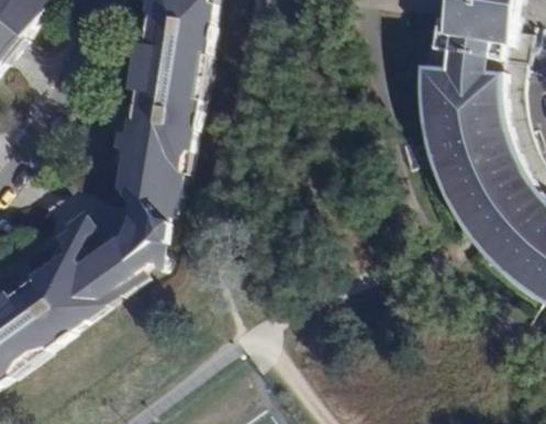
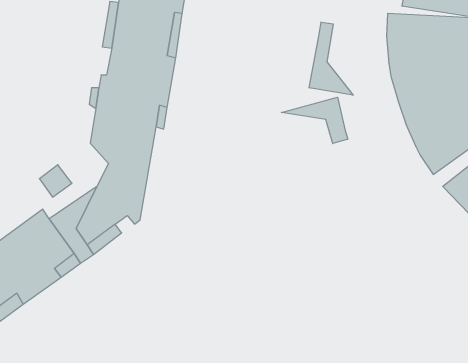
building: none -> [309,22,353,95]
building: none -> [281,97,348,144]

